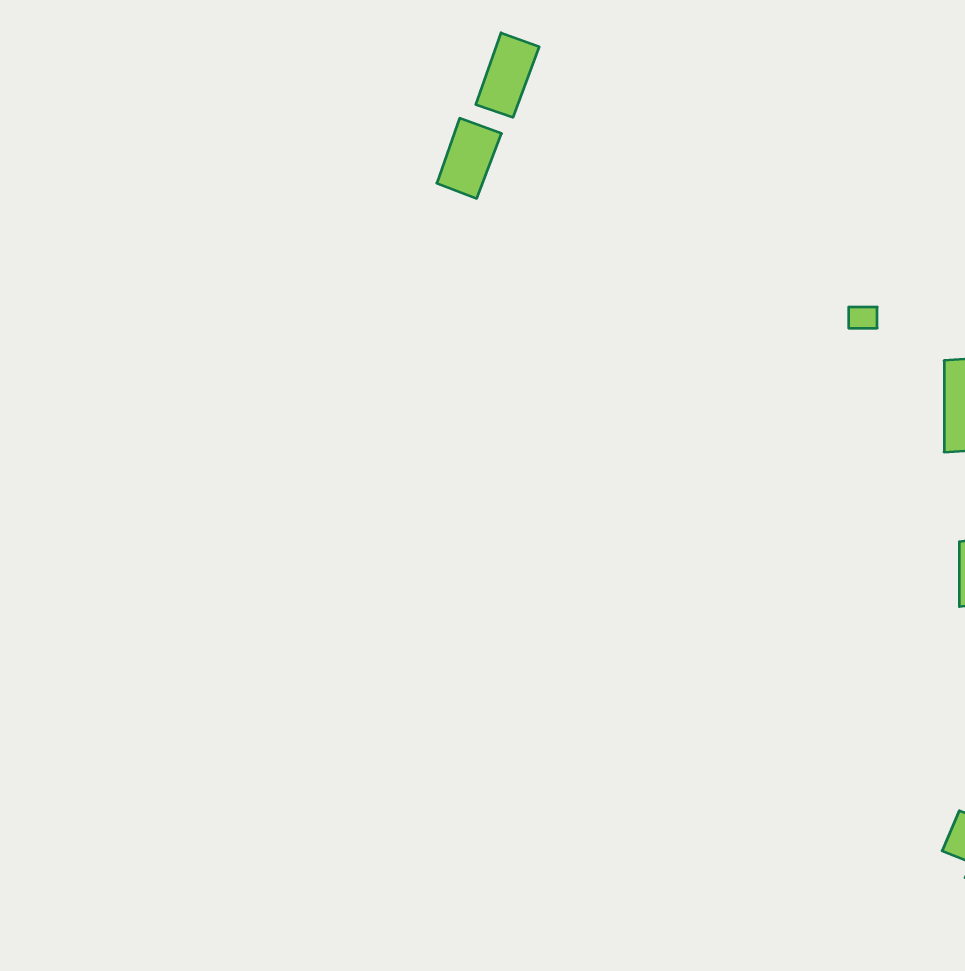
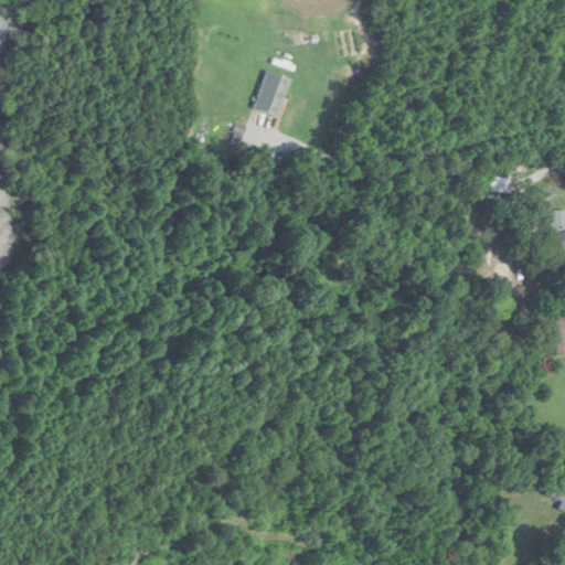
building: [476,33,539,117] -> none

